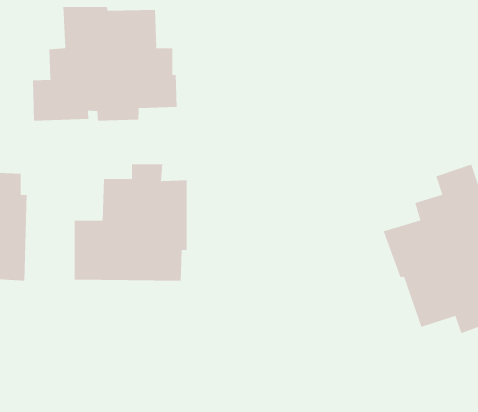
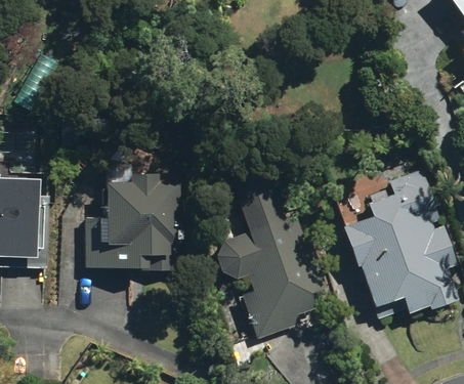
building: [33,6,177,121] -> none
building: none -> [215,177,321,338]

